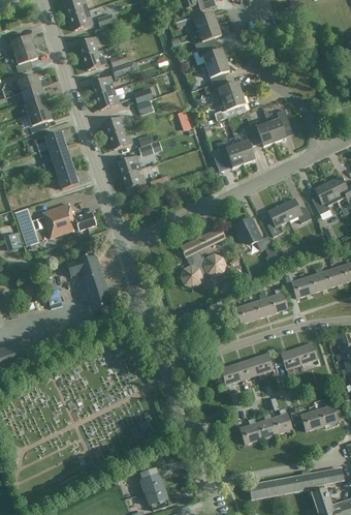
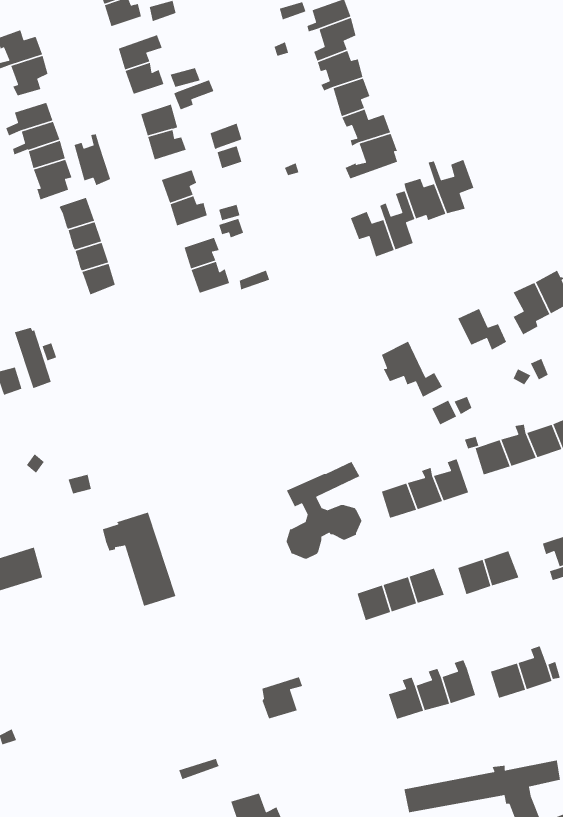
building: none -> [73,134,111,186]
building: [42,204,96,238] -> none
building: [267,204,289,237] -> none
building: [181,229,226,287] -> [286,461,362,560]
building: [67,252,111,309] -> [102,512,176,607]
building: [141,466,166,492] -> [261,676,303,719]

